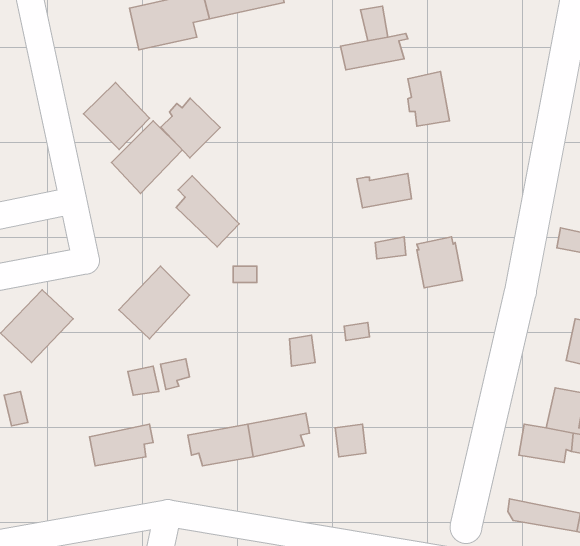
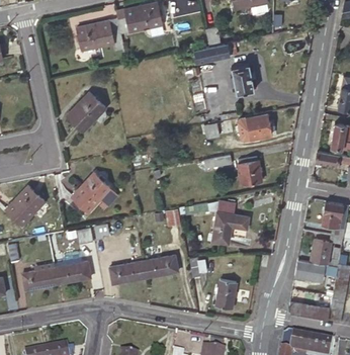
building: [84,82,149,149] -> none
building: [161,98,220,158] -> none
building: none -> [239,111,270,139]
building: [176,176,239,247] -> none
building: none -> [212,210,248,241]
building: none -> [21,266,58,288]
building: none -> [215,276,237,306]

